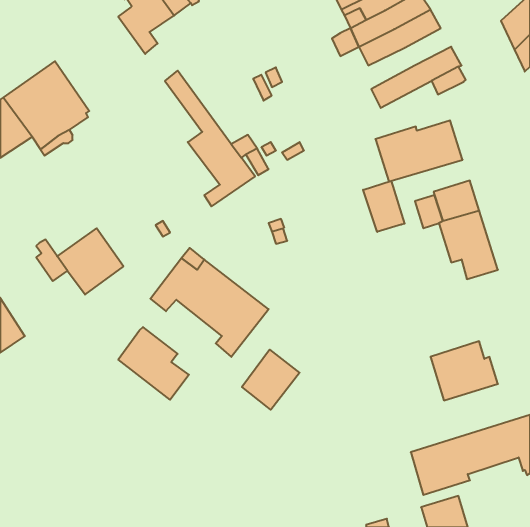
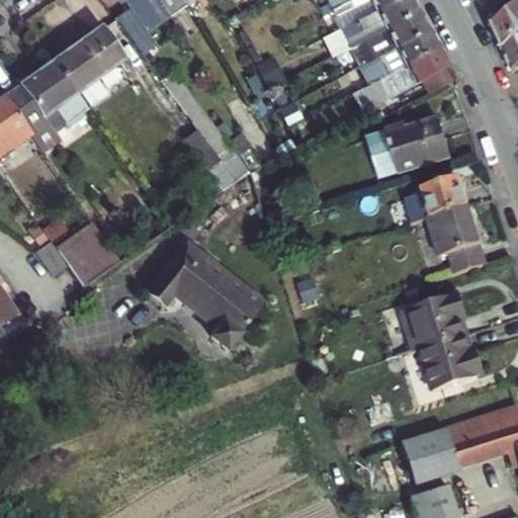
building: none -> [54,26,124,108]
building: none -> [359,27,440,83]
building: [363,181,405,232] -> none
building: none -> [402,292,467,349]
building: [118,327,189,400] -> none
building: [242,350,300,410] -> none

